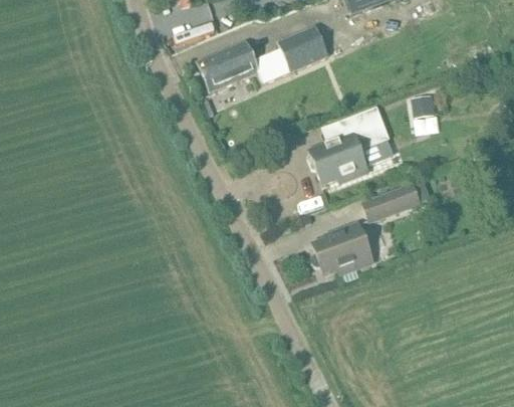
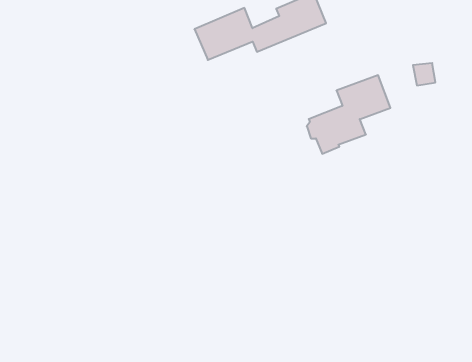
building: [364,181,431,220] -> none
building: [312,223,373,274] -> none

